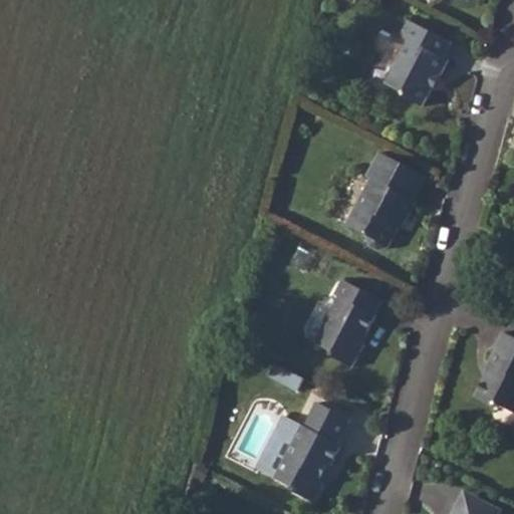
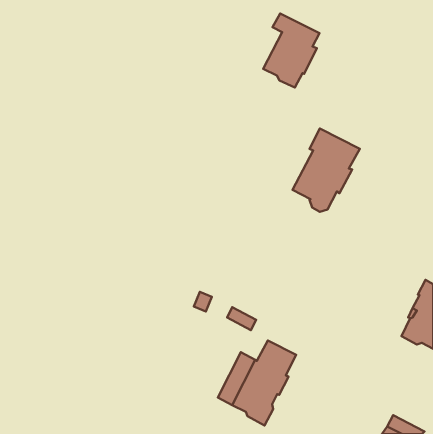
building: [384,18,451,105] -> [263,13,319,87]
building: [313,279,381,366] -> none

